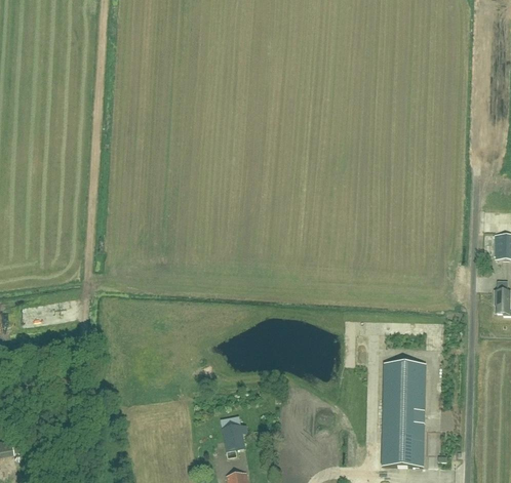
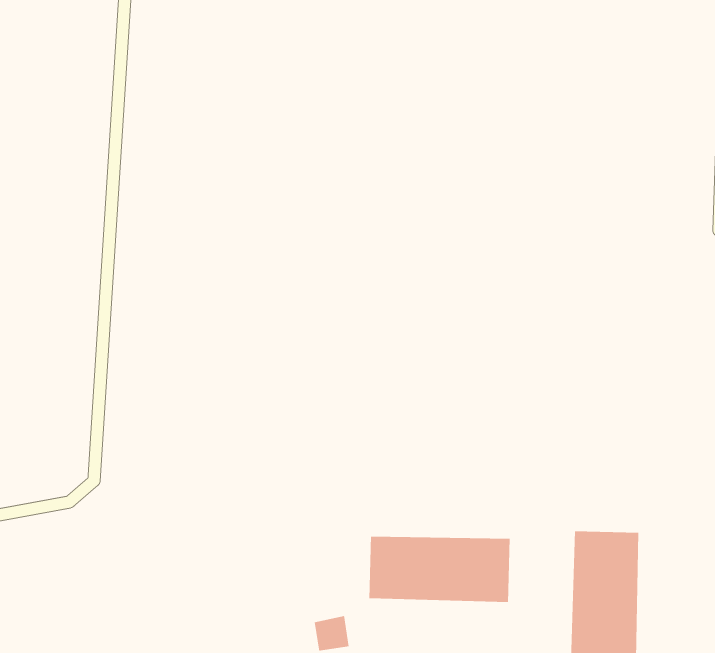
building: none -> [369,536,510,603]

